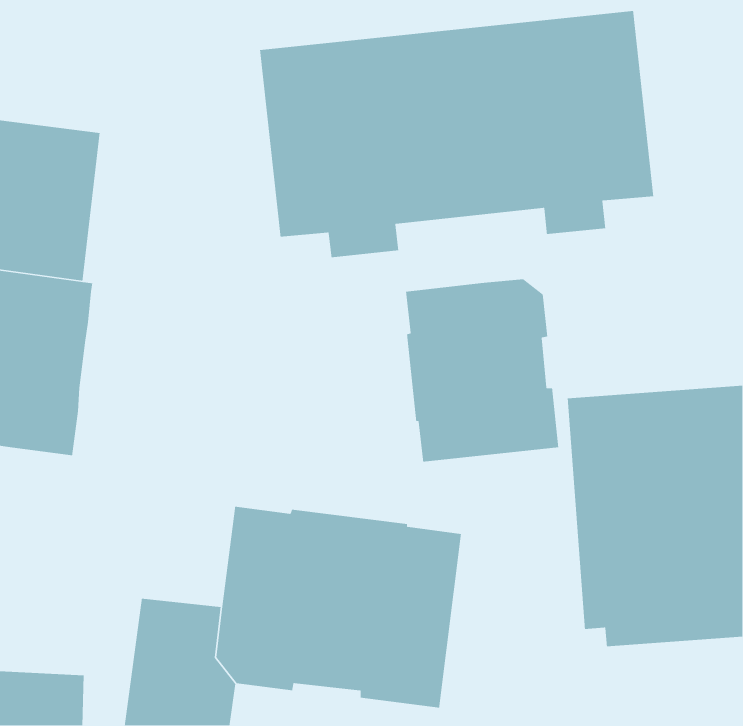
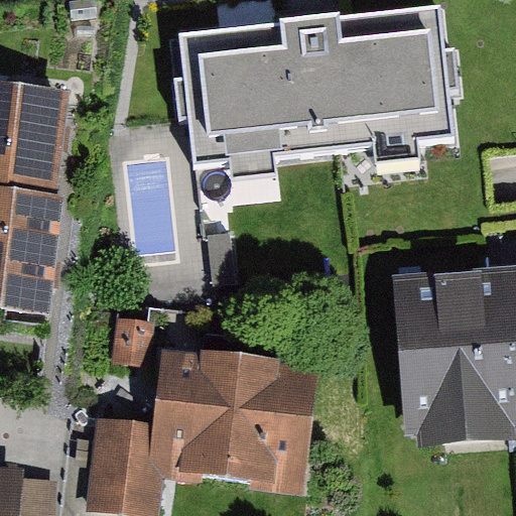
building: [405,278,559,462] -> none

